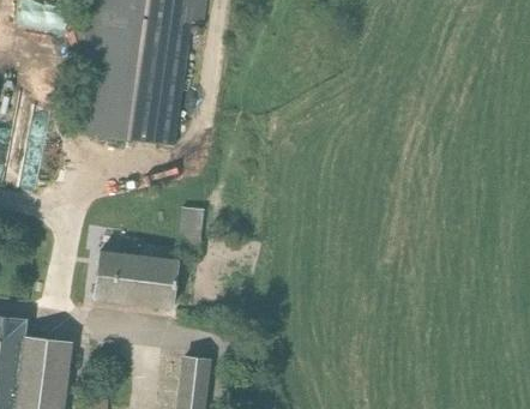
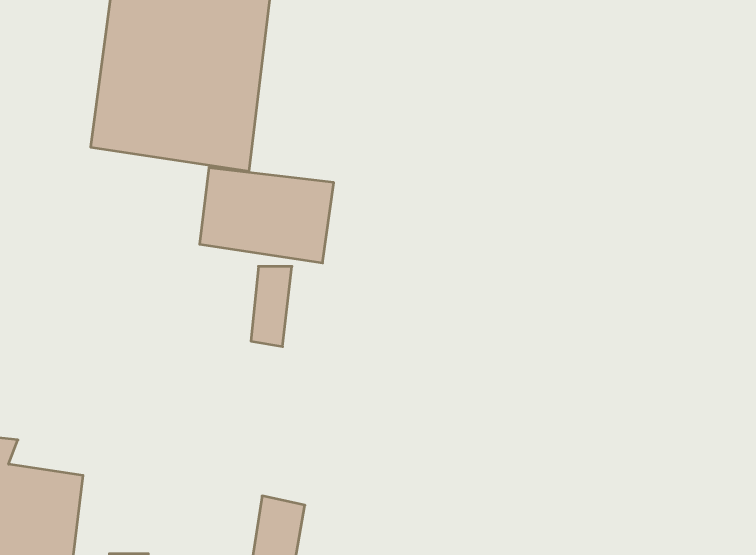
building: [95,249,181,311] -> [200,168,334,263]

